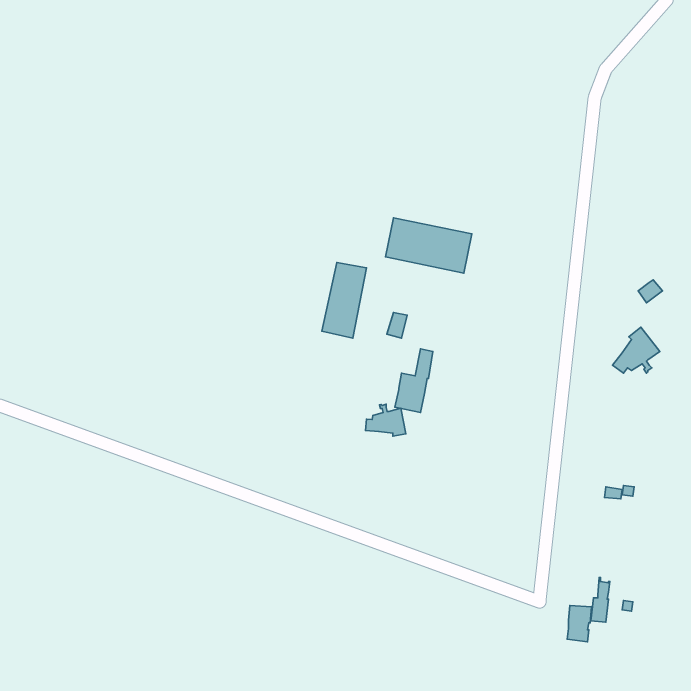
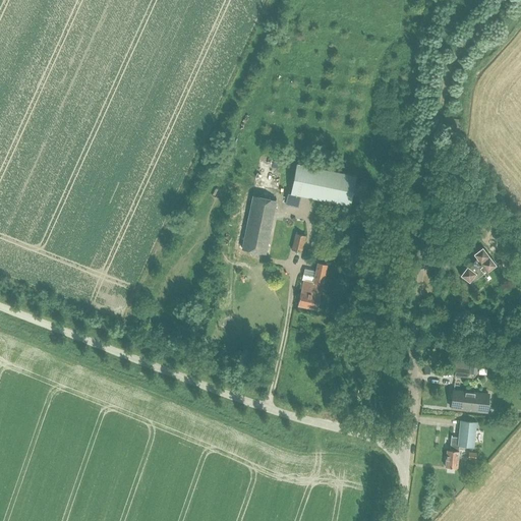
building: [366,404,406,436] -> none
building: none -> [452,389,489,410]
building: [567,605,591,642] -> [458,420,476,448]

